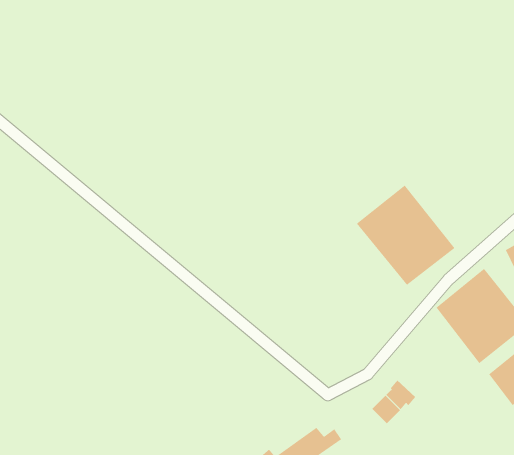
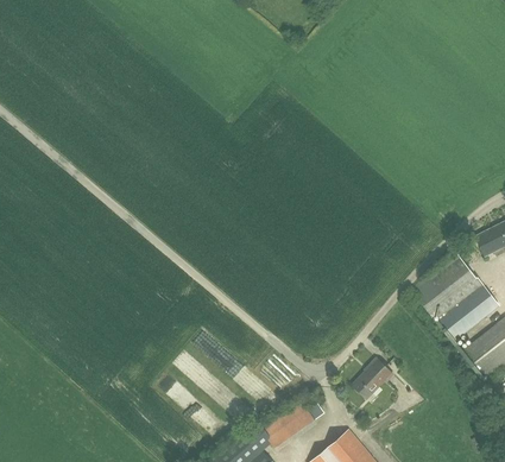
building: [356,184,455,286] -> none

